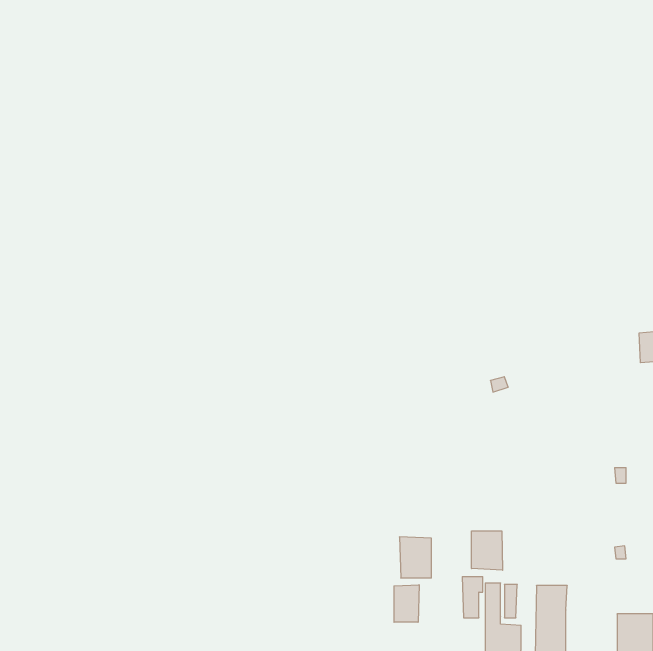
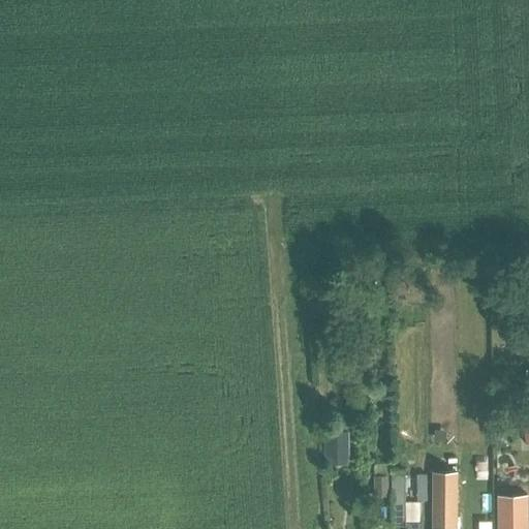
building: [472,531,503,570] -> none
building: [394,585,419,622] -> none

